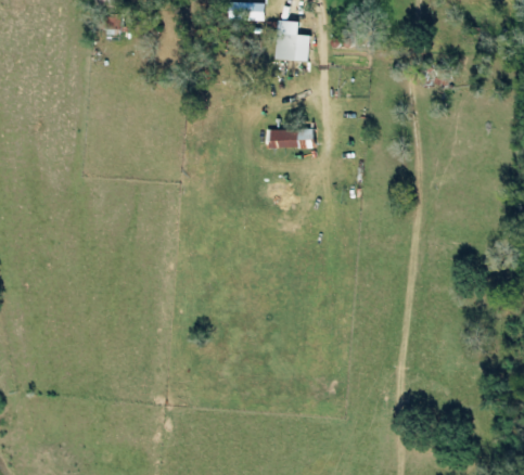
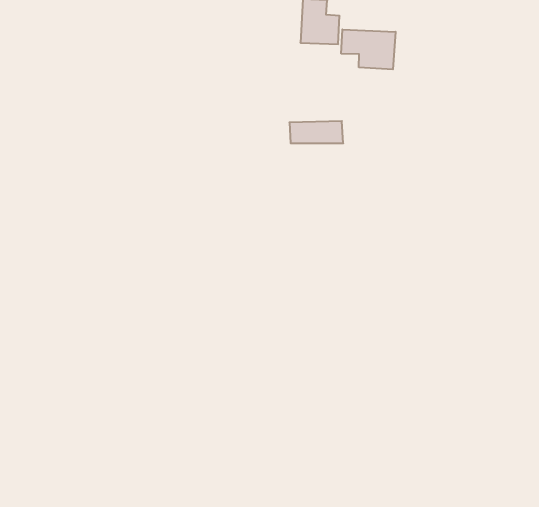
building: none -> [341,29,396,69]

